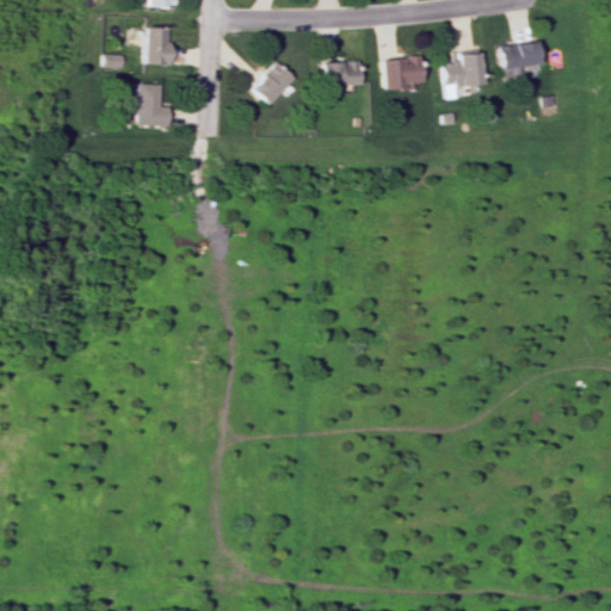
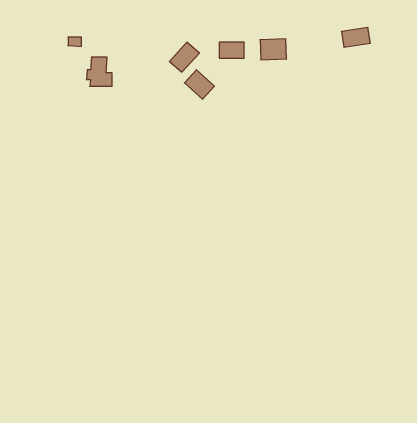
building: [147,27,173,64] -> none
building: [444,54,485,86] -> none
building: none -> [184,70,214,99]

